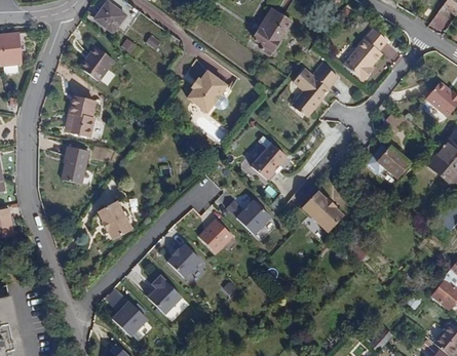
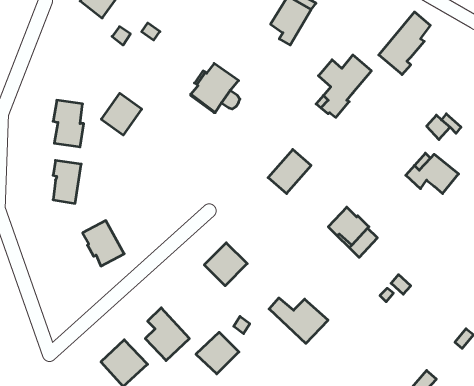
building: [80,45,114,80] -> [101,93,142,135]
building: [225,200,274,238] -> [269,298,328,343]
building: [167,244,203,279] -> [196,332,239,374]

